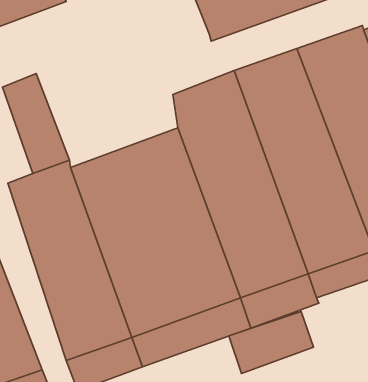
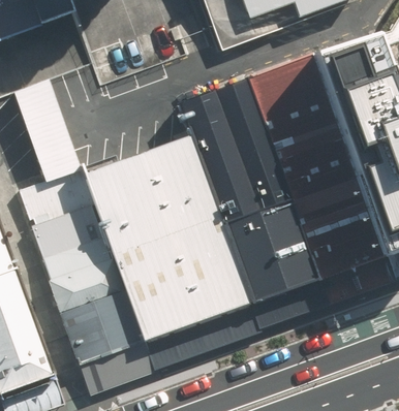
building: [229,311,314,374] -> none

